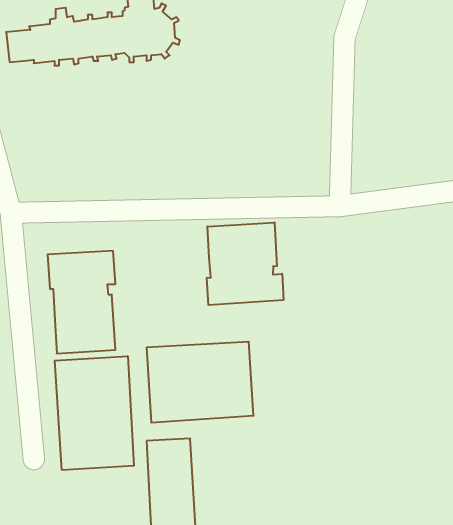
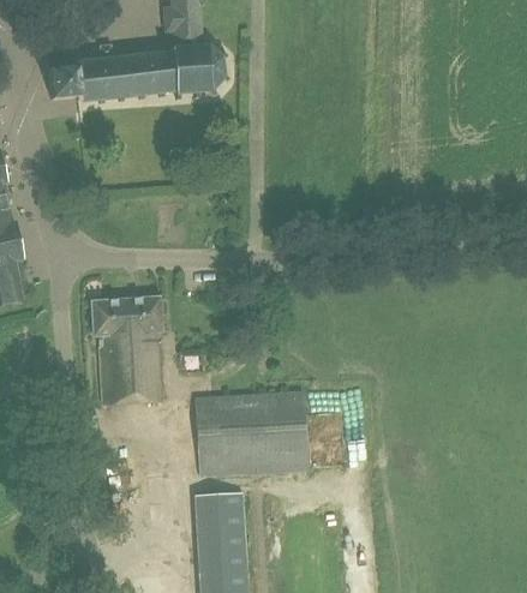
building: [207,222,283,305] -> none
building: [55,356,134,470] -> none

